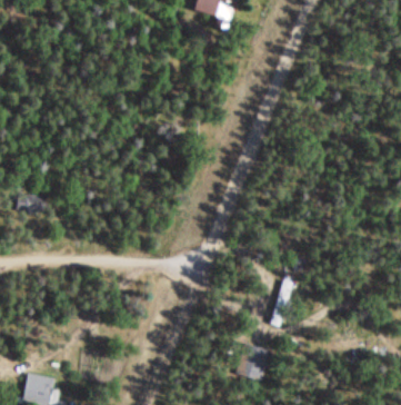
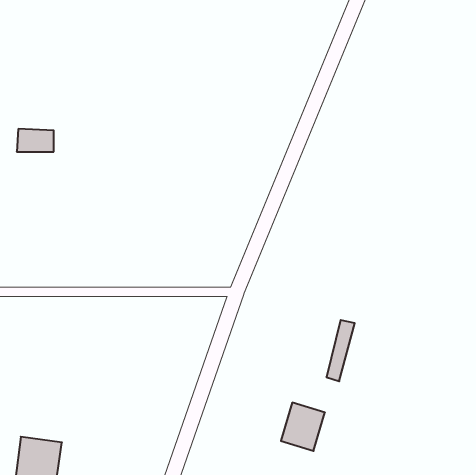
building: [21,192,50,210] -> [17,129,54,152]

